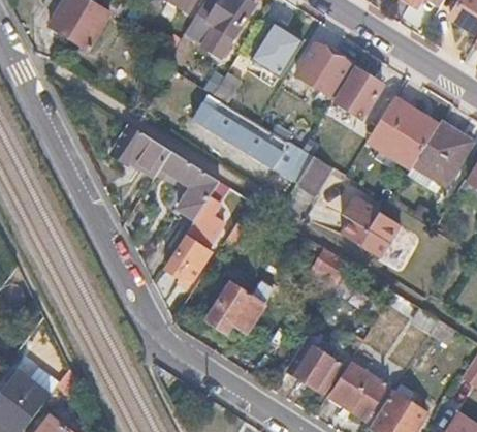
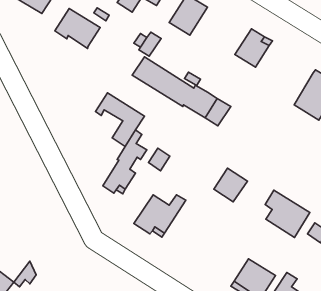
building: [294,43,349,96] -> none
building: [367,97,437,167] -> none
building: [113,125,171,177] -> [55,8,100,48]
building: [344,197,402,258] -> [265,190,310,237]
building: [288,343,340,393] -> none

